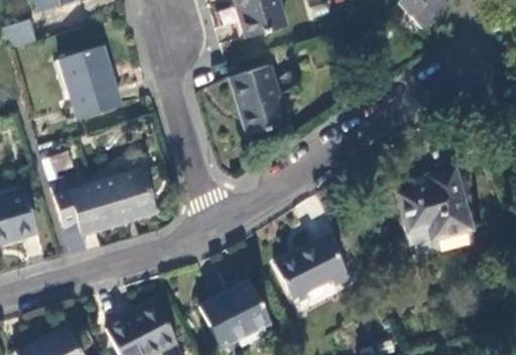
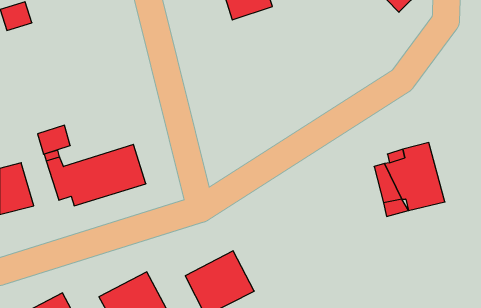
building: [60,44,122,117] -> none
building: [229,64,288,134] -> none
building: [276,234,351,298] -> none

